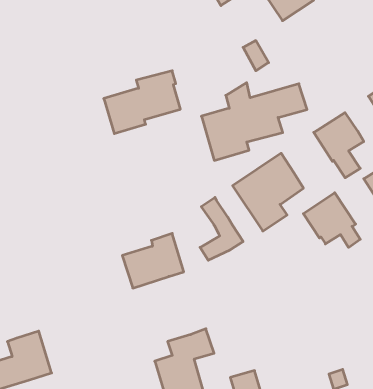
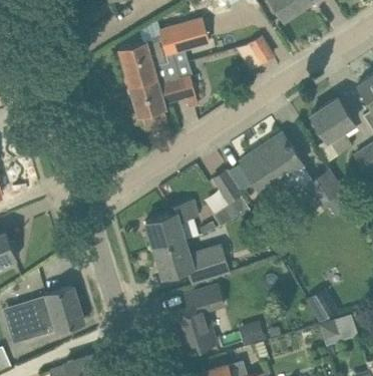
building: [201,83,307,160] -> [117,19,209,86]
building: none -> [153,240,228,284]
building: none -> [307,288,340,323]

